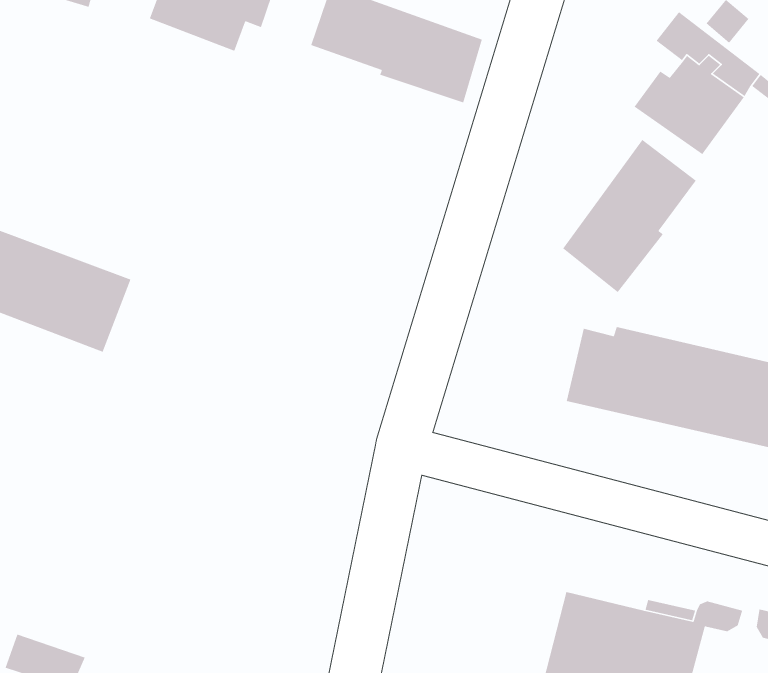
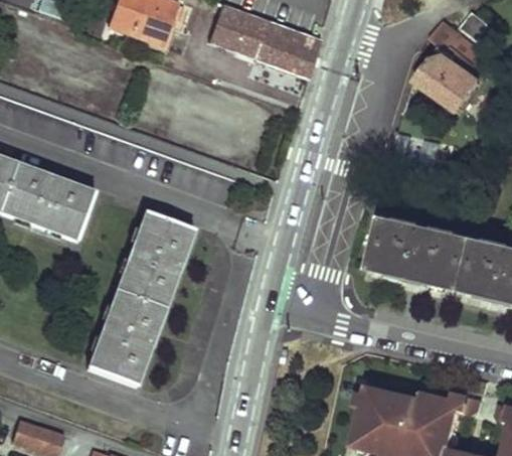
building: [562,139,697,293] -> none
building: none -> [87,212,193,386]

